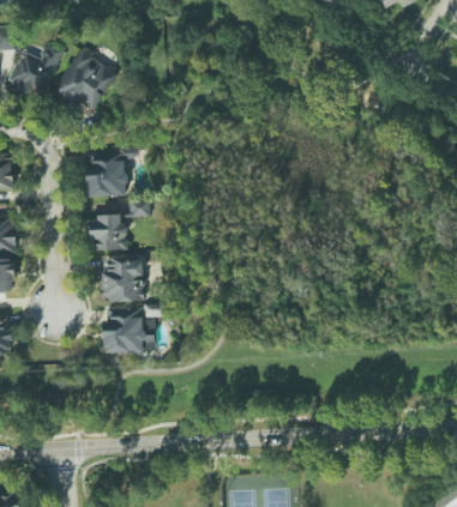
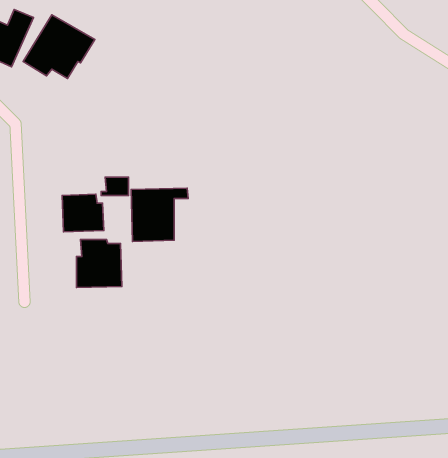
building: [86,149,139,198] -> [131,188,188,241]
building: [103,307,155,354] -> none

